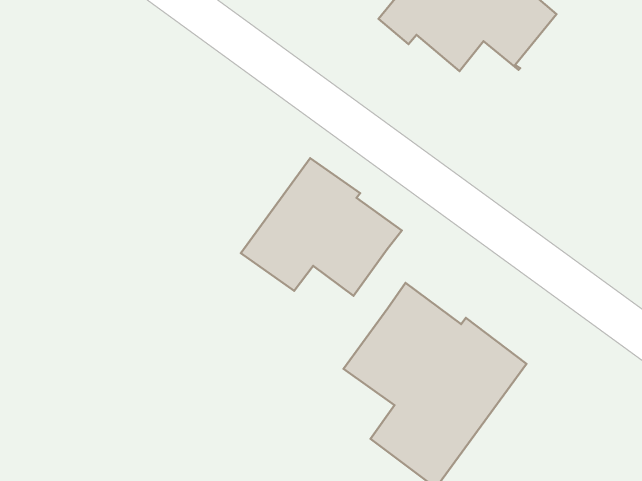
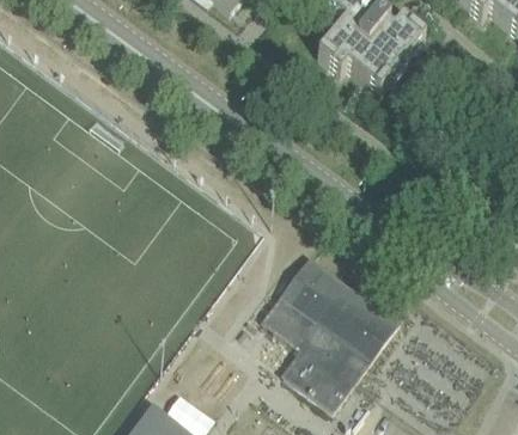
building: [241,158,402,296] -> none

